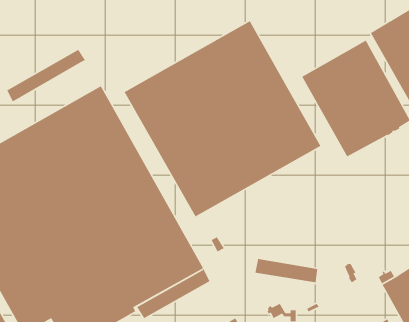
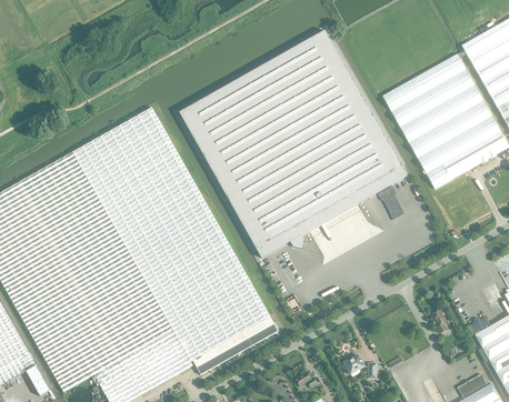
building: [6,49,86,102] -> none
building: [254,258,318,284] -> none

